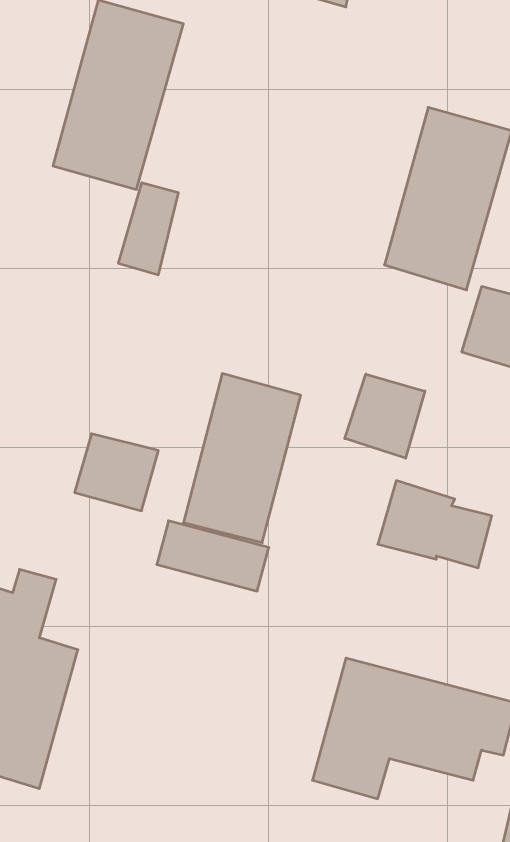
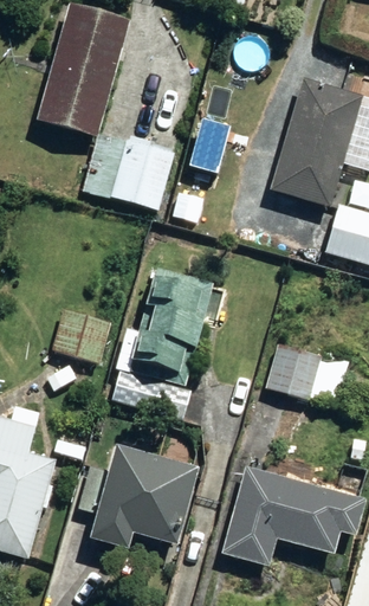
building: none -> [112,137,174,208]
building: [345,374,425,458] -> none
building: none -> [90,445,198,550]

